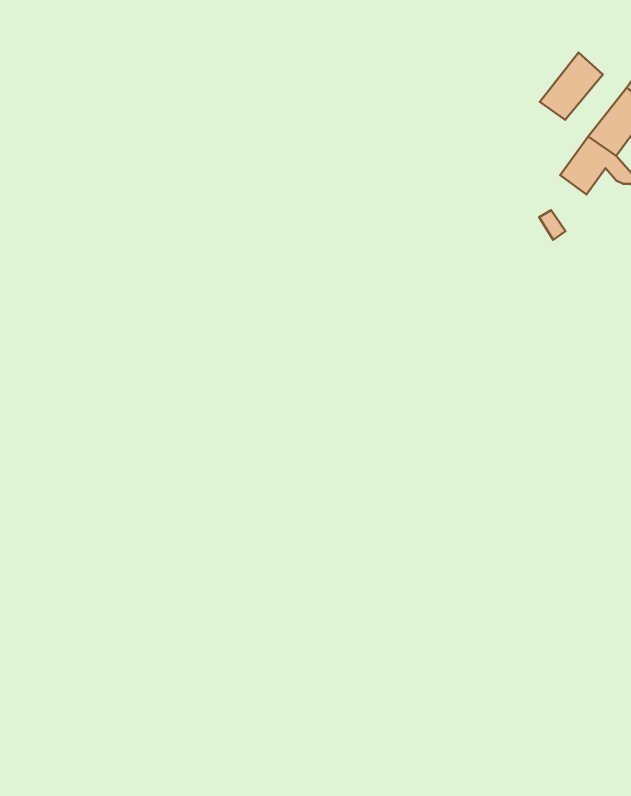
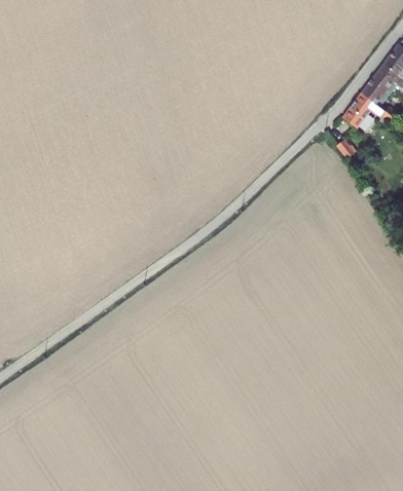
building: [540,52,603,120] -> none

